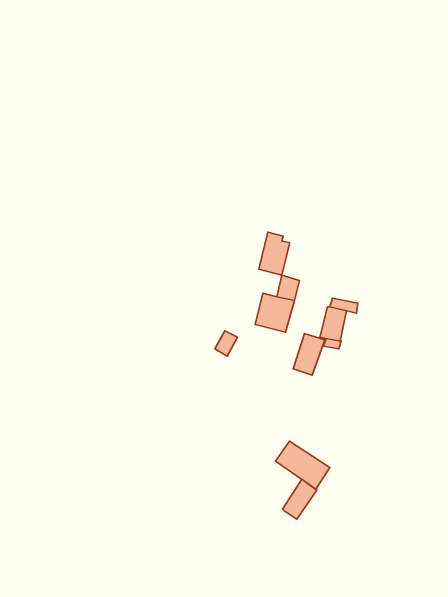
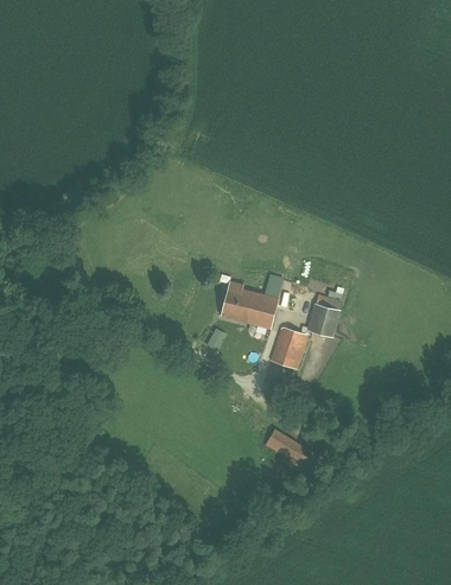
building: [259,232,289,275] -> [222,280,250,320]
building: [283,479,317,519] -> none

